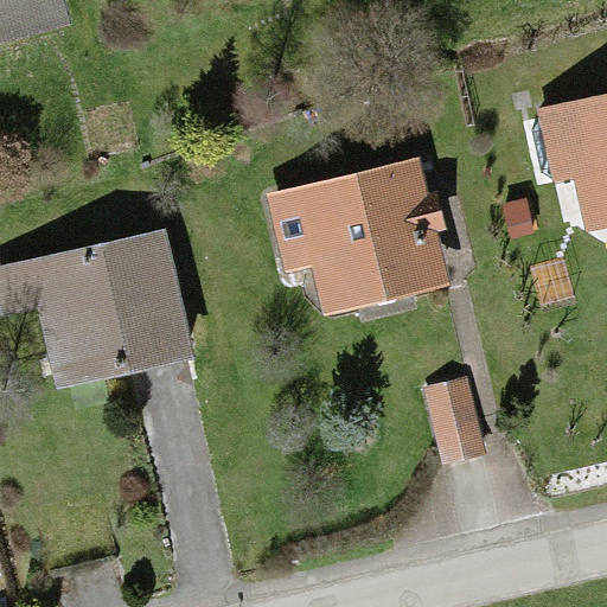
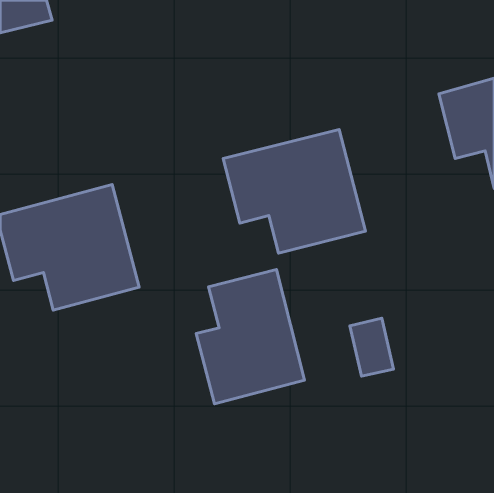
building: none -> [196,270,305,404]

